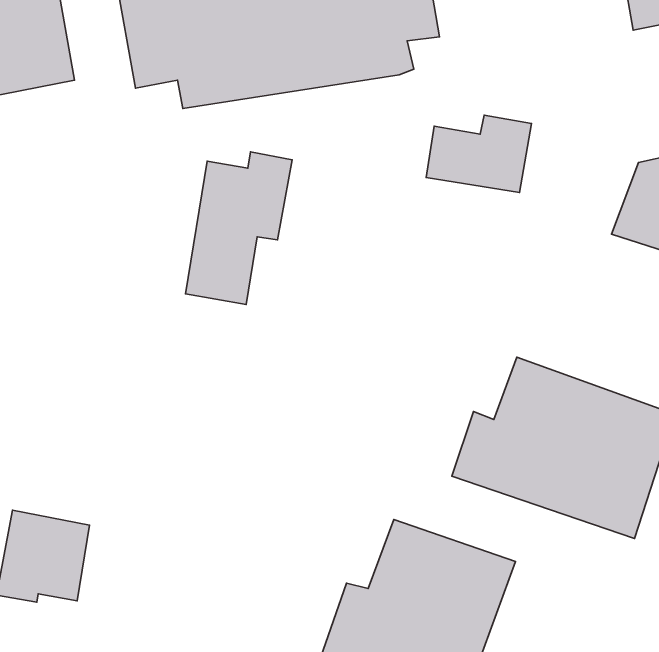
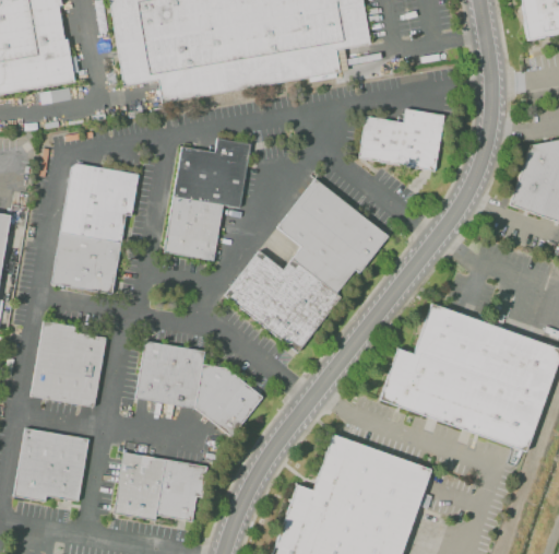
building: none -> [51,162,140,294]
building: none -> [225,178,388,352]
building: none -> [31,321,106,403]
building: none -> [135,341,263,436]
building: none -> [114,452,207,521]

